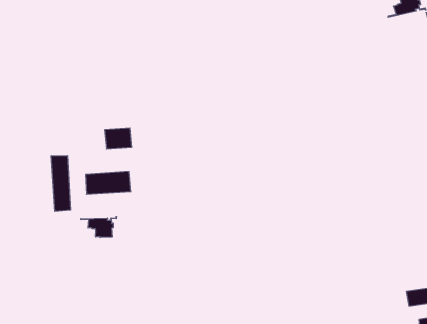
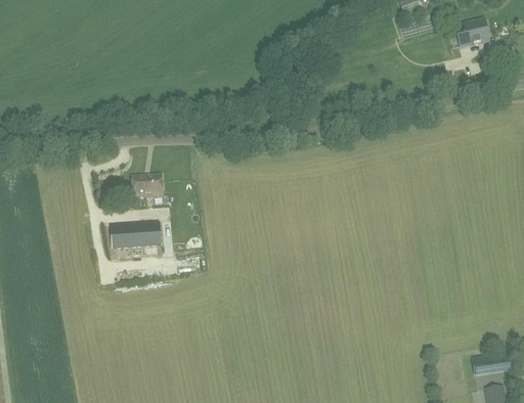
building: [51,156,71,211] -> none
building: [81,217,117,238] -> none

